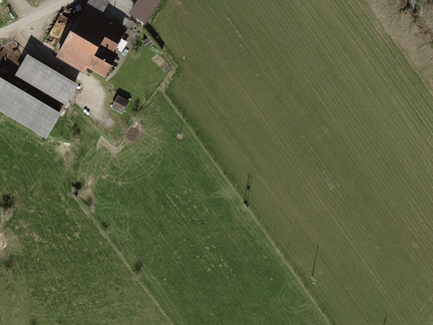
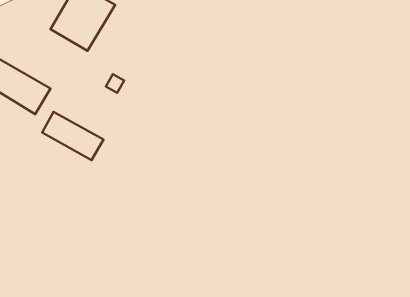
building: [17,56,77,103] -> [42,112,104,160]

